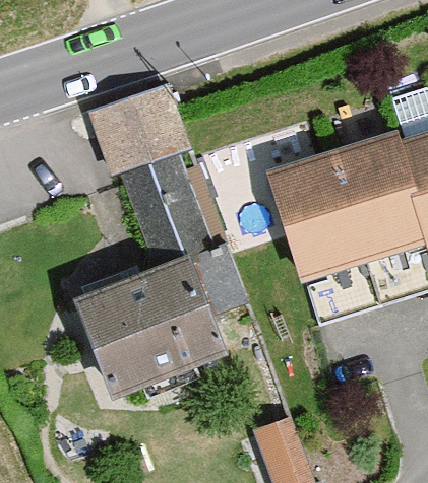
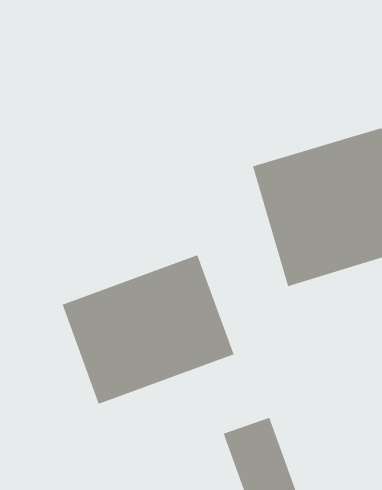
building: [88,83,221,260] -> none

